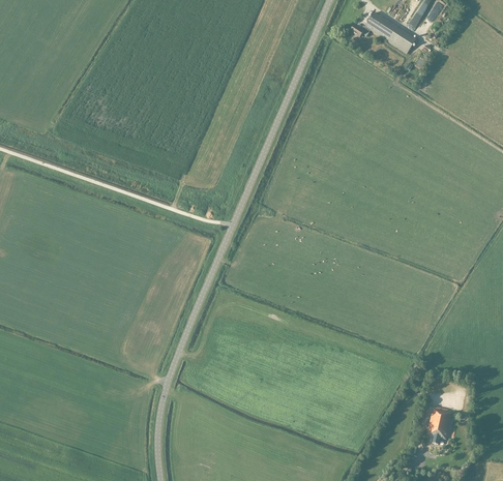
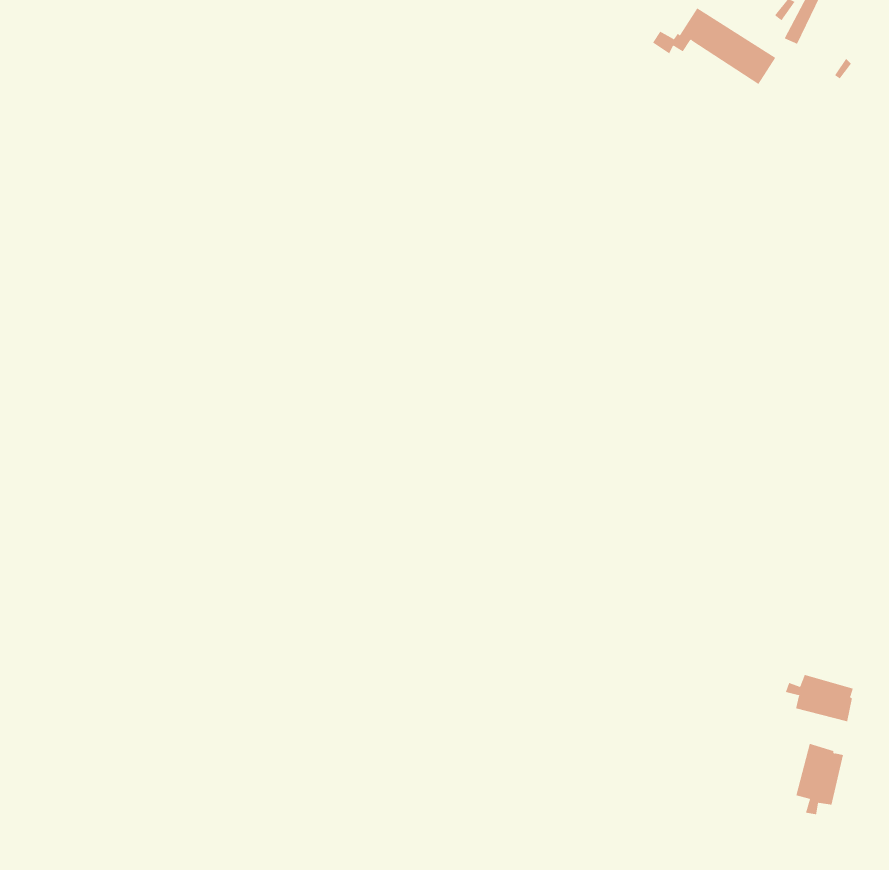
building: none -> [785,674,854,722]

